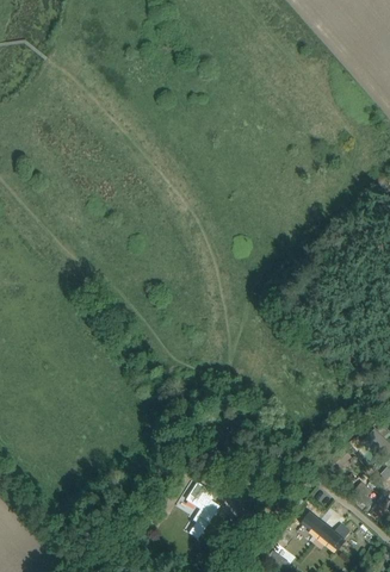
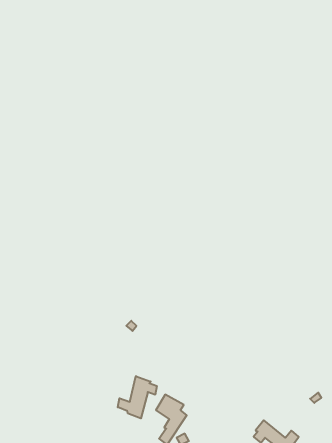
building: none -> [118,376,157,418]

